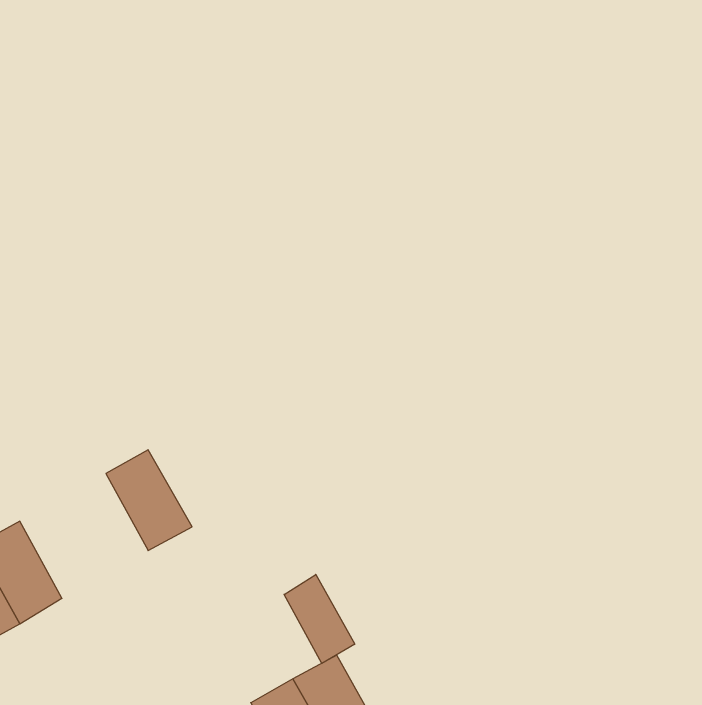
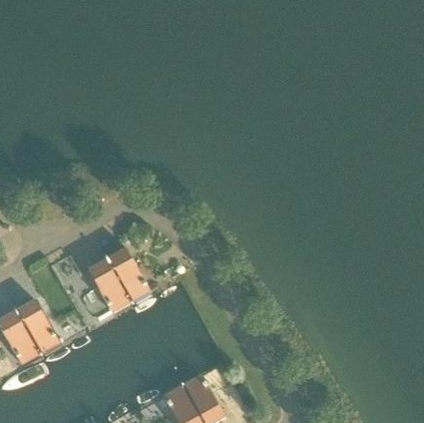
building: none -> [100,248,147,304]
building: [284,574,355,663] -> none

